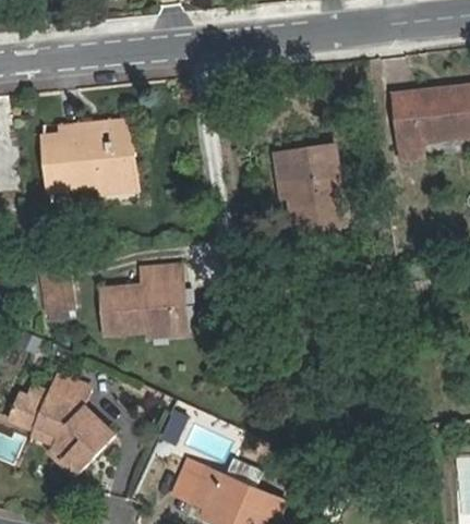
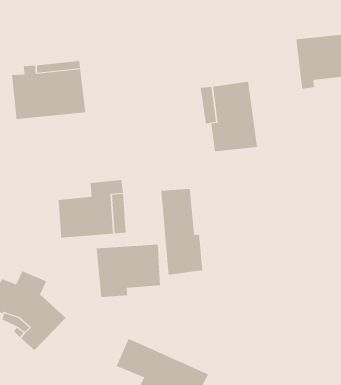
building: [40,265,73,318] -> none
building: none -> [161,188,203,276]
building: none -> [96,244,161,298]

